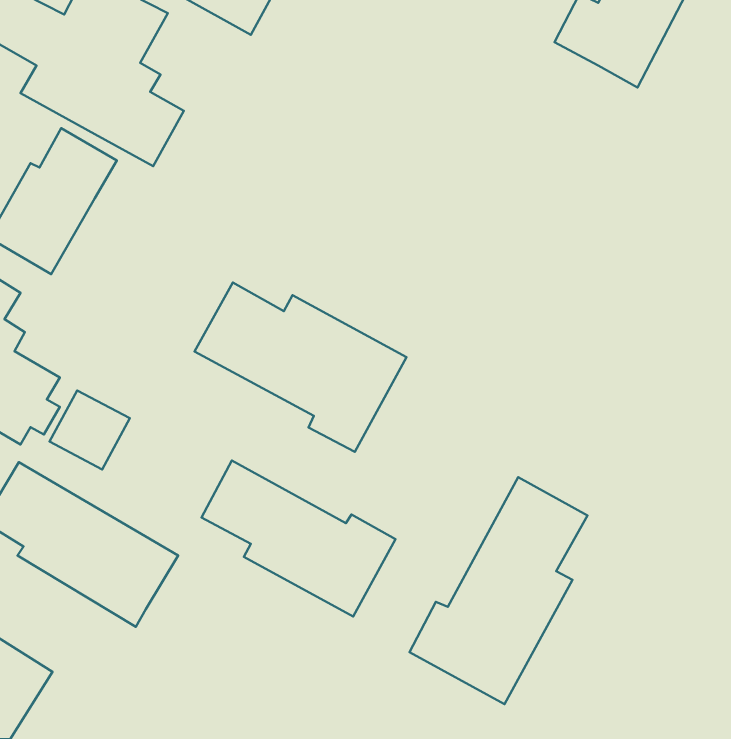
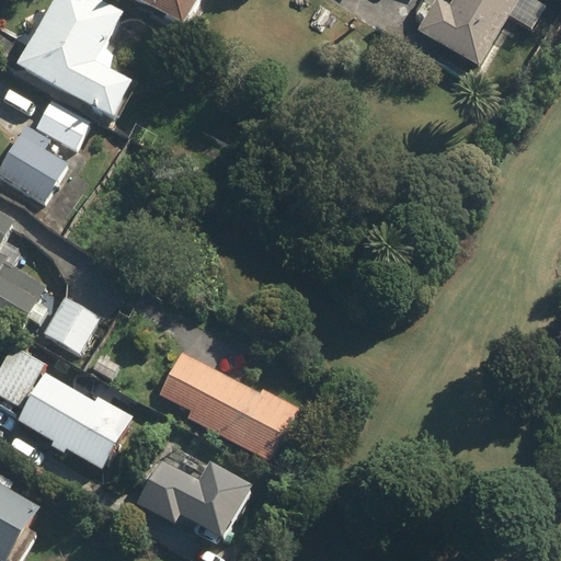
building: [195,282,407,452] -> none
building: [409,477,588,704] -> none
building: none -> [128,455,248,536]

